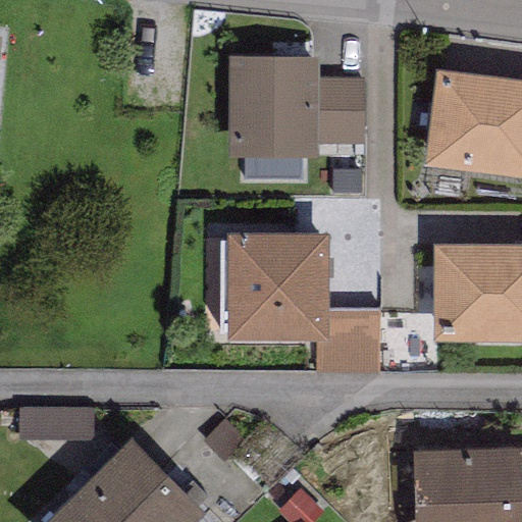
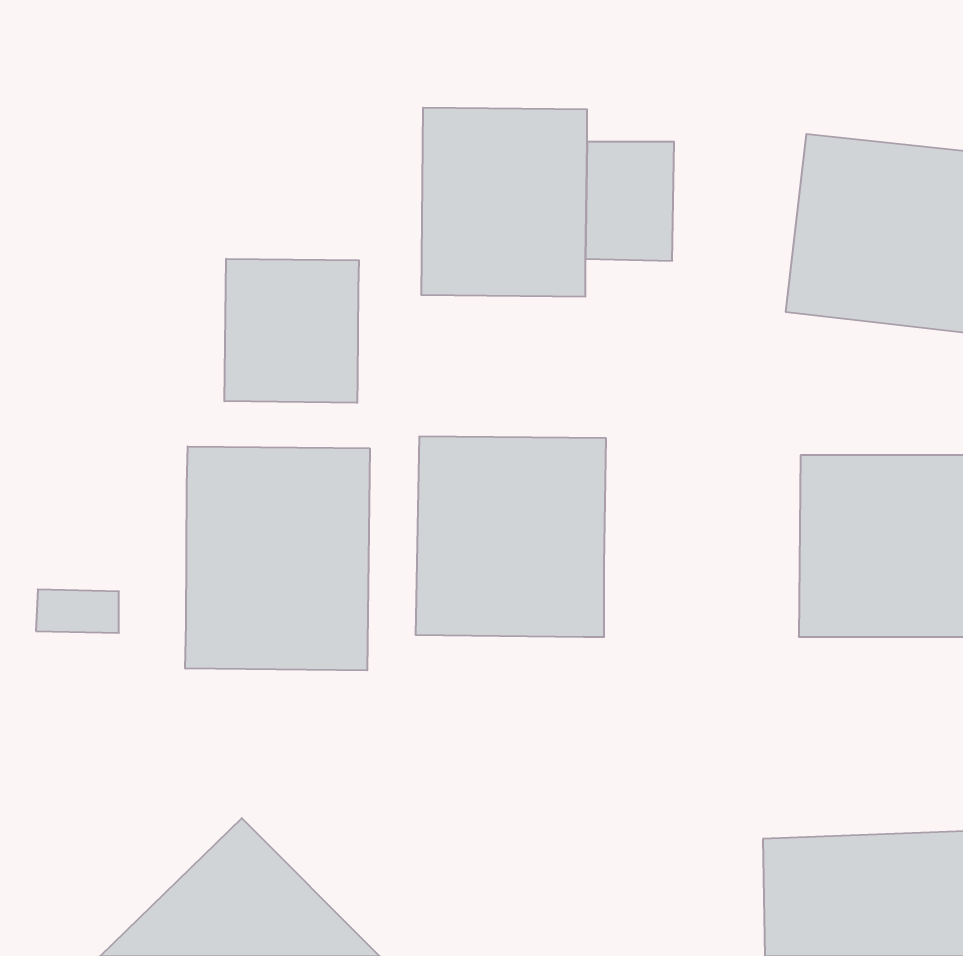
building: none -> [224,259,359,403]
building: none -> [185,446,370,670]
building: [314,305,379,372] -> none

